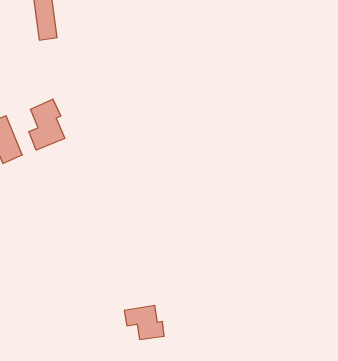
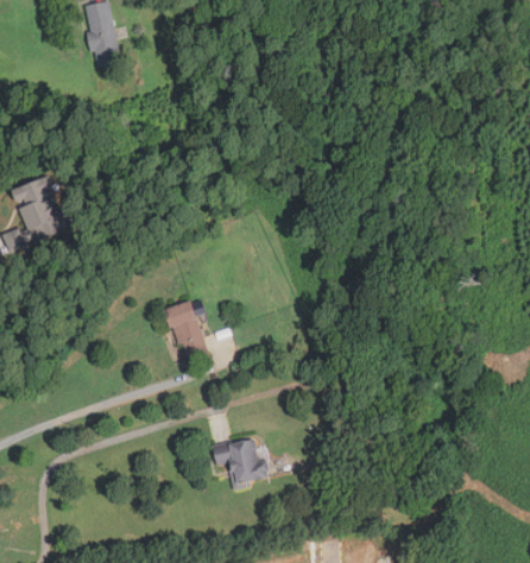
building: [29,99,65,150] -> none
building: none -> [165,299,207,361]

